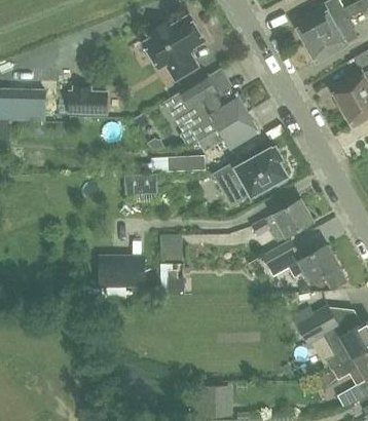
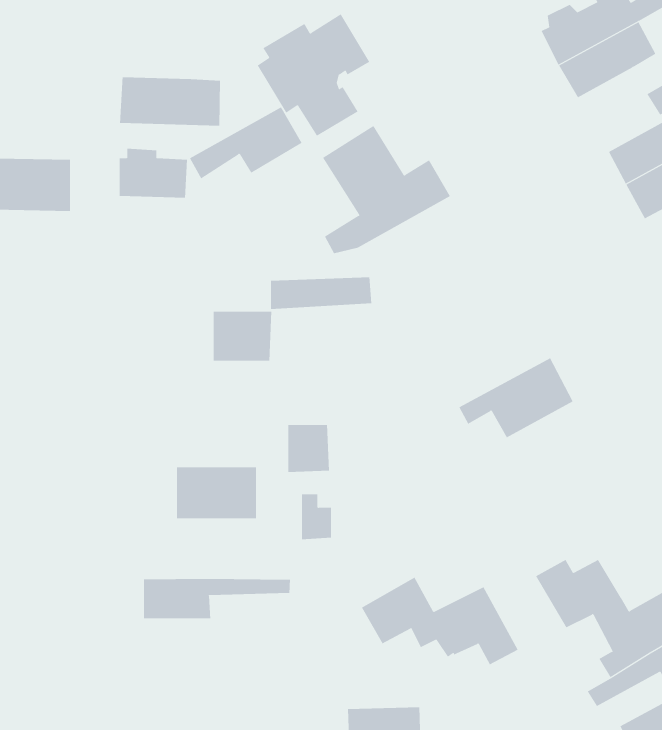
building: none -> [119,76,221,126]
building: [198,112,259,151] -> [189,106,302,179]
building: [213,146,288,203] -> none
building: [262,239,346,286] -> [361,577,518,665]
building: none -> [143,578,290,619]

